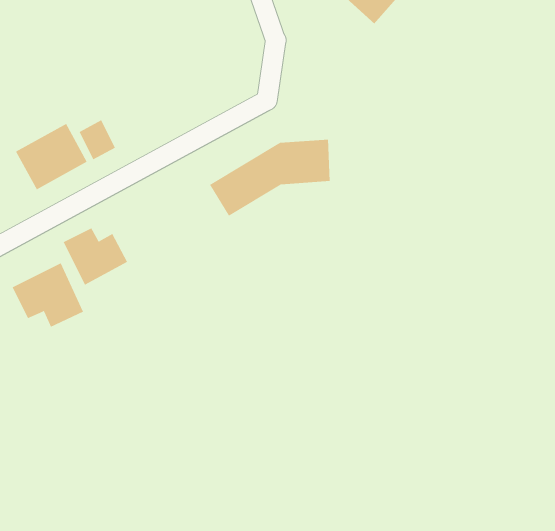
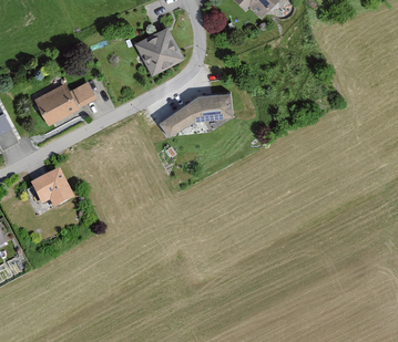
building: none -> [133,24,185,74]
building: [63,228,128,285] -> none

